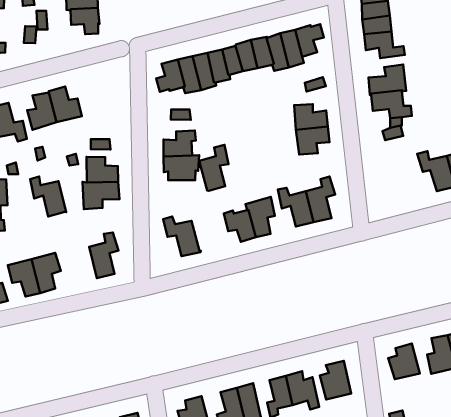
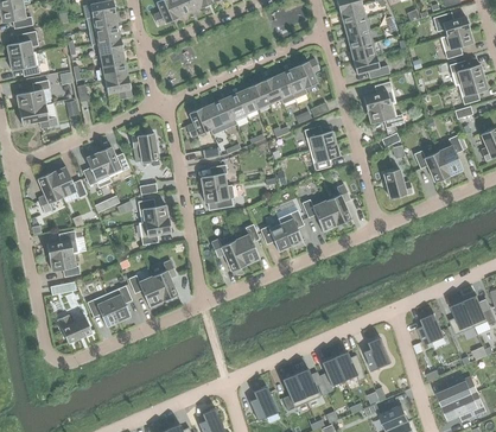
building: none -> [131,132,159,165]
building: [199,145,229,191] -> [234,223,259,263]
building: none -> [382,169,412,198]
building: [30,176,66,216] -> [128,274,163,306]

